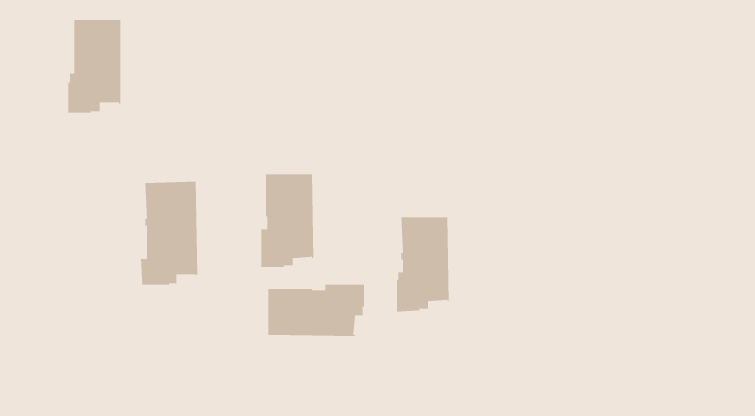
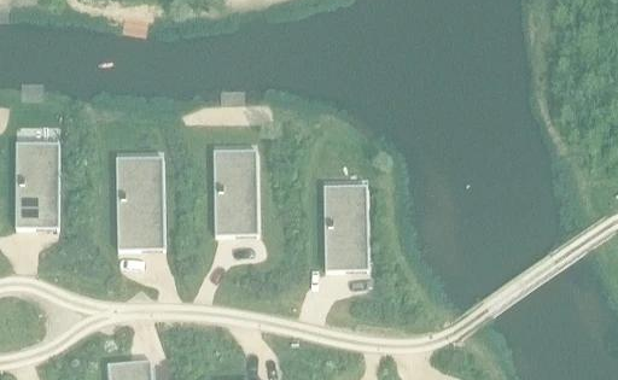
building: [68,20,121,113] -> [13,152,57,228]
building: [268,284,365,337] -> none

